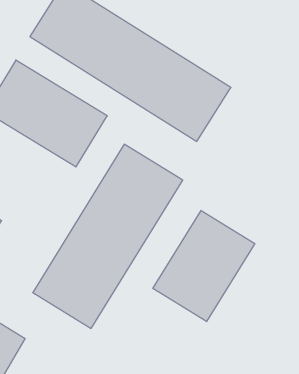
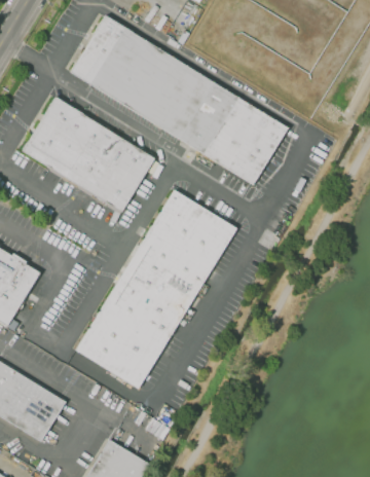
building: [153,210,255,322] -> none

